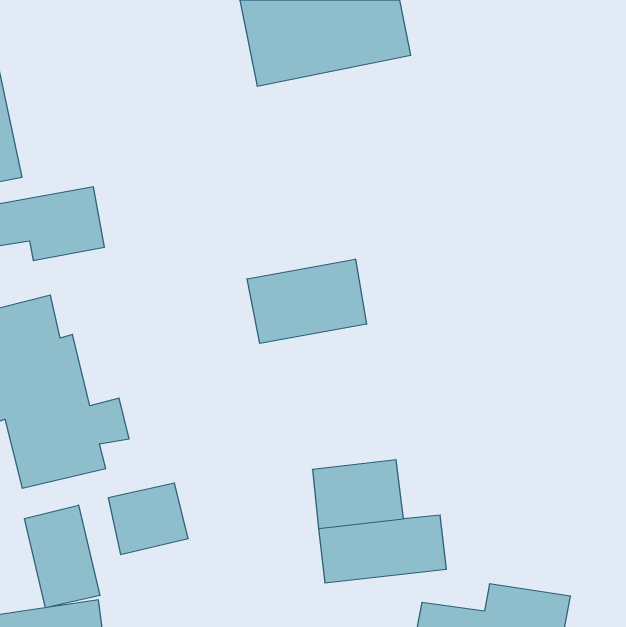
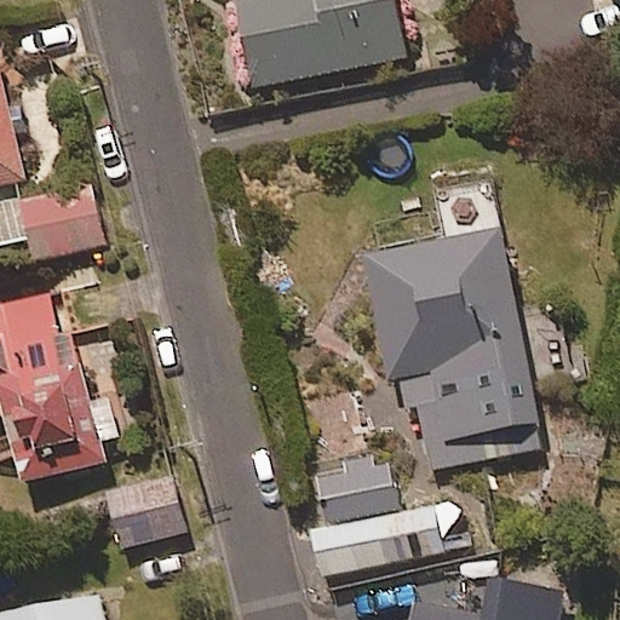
building: none -> [364,228,540,469]
building: [247,259,367,343] -> none
building: [25,505,100,608] -> none

